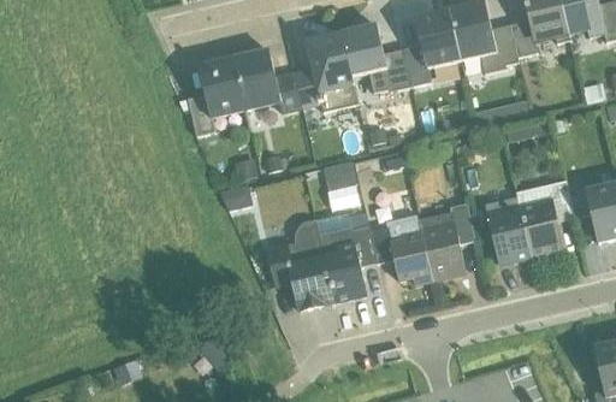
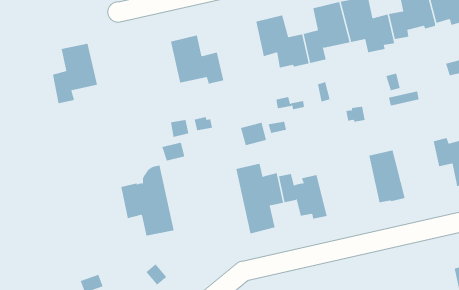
building: [294,32,357,111] -> none
building: [188,58,245,135] -> [52,43,98,104]
building: [515,179,574,256] -> none
building: [419,202,475,279] -> none
building: [266,219,334,309] -> [120,165,174,236]

